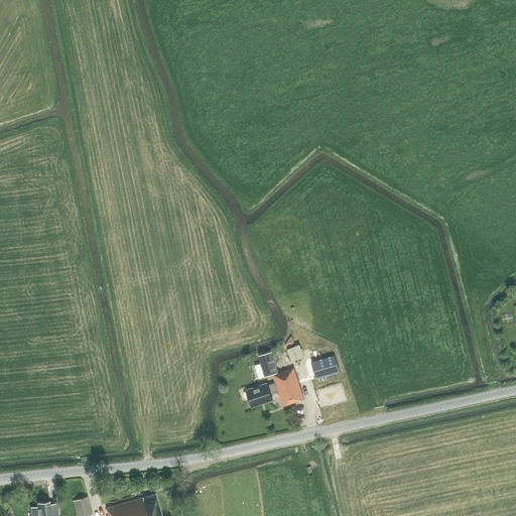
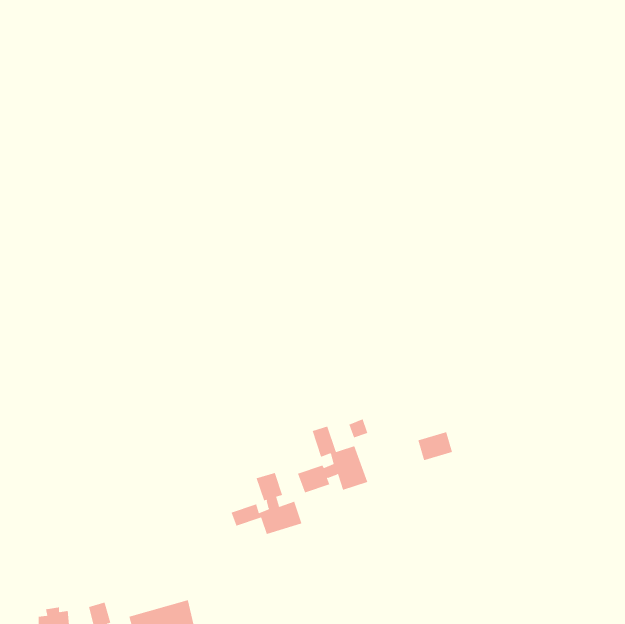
building: [309,351,339,375] -> [417,431,453,461]
building: none -> [231,472,302,535]

